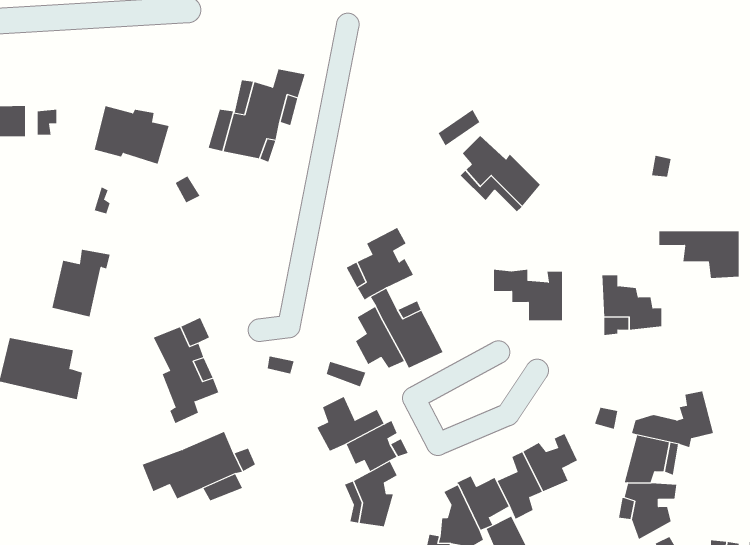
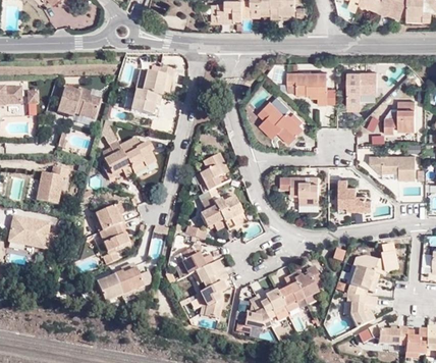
building: none -> [287,74,327,106]
building: none -> [347,75,377,105]
building: none -> [383,105,416,135]
building: none -> [100,139,153,183]

